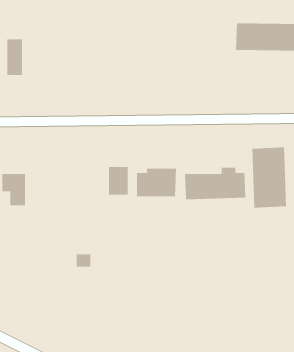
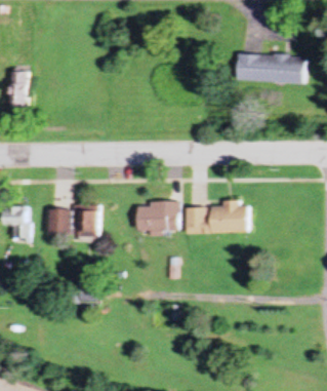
building: [252,146,287,208] -> none
building: [108,167,129,195] -> [77,207,97,236]
building: none -> [48,208,71,234]

